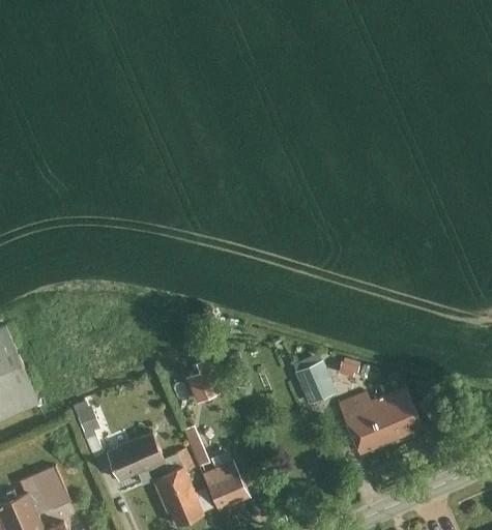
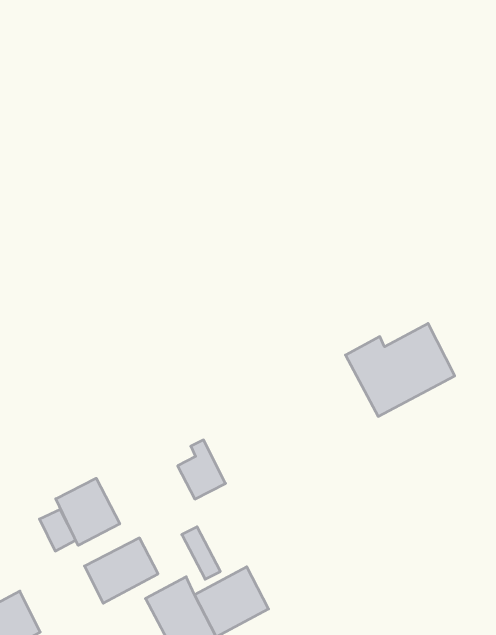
building: [294,361,332,404] -> none
building: none -> [56,478,120,545]
building: [338,387,422,457] -> [345,323,455,416]

